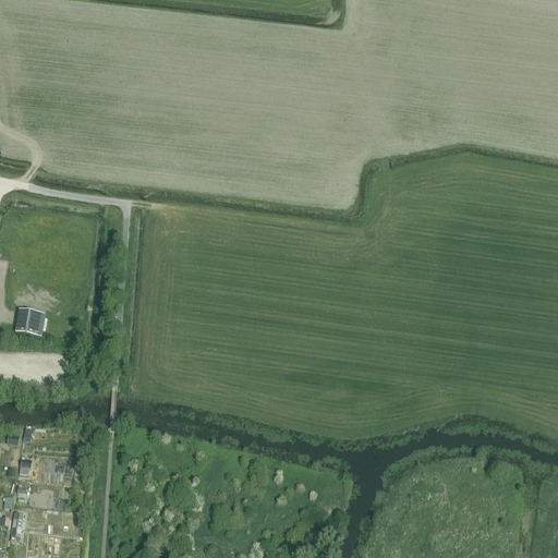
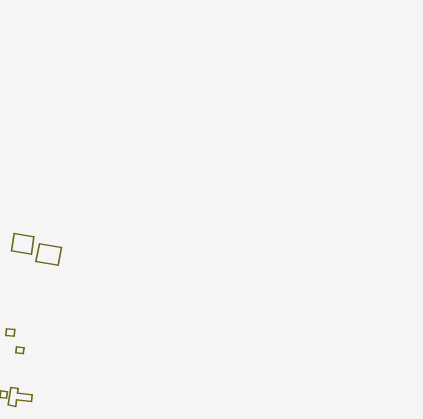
building: none -> [36,244,62,265]

